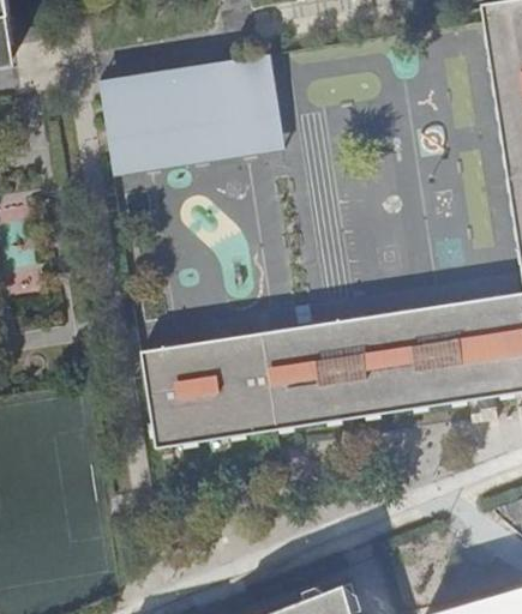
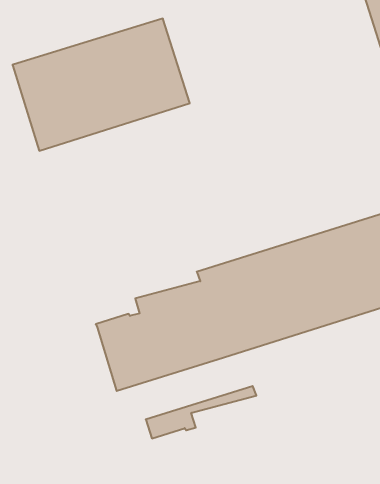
building: [145,331,269,372] -> [146,386,256,438]

